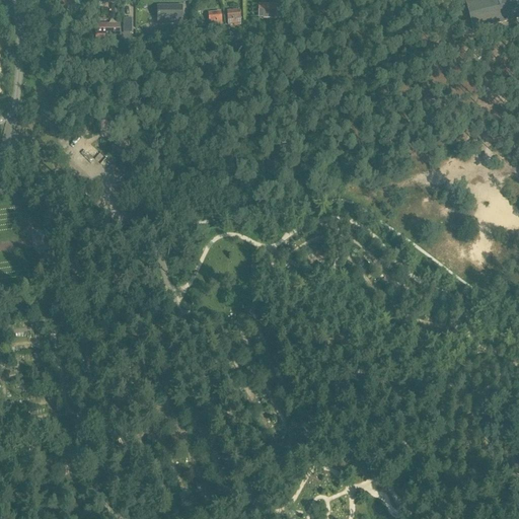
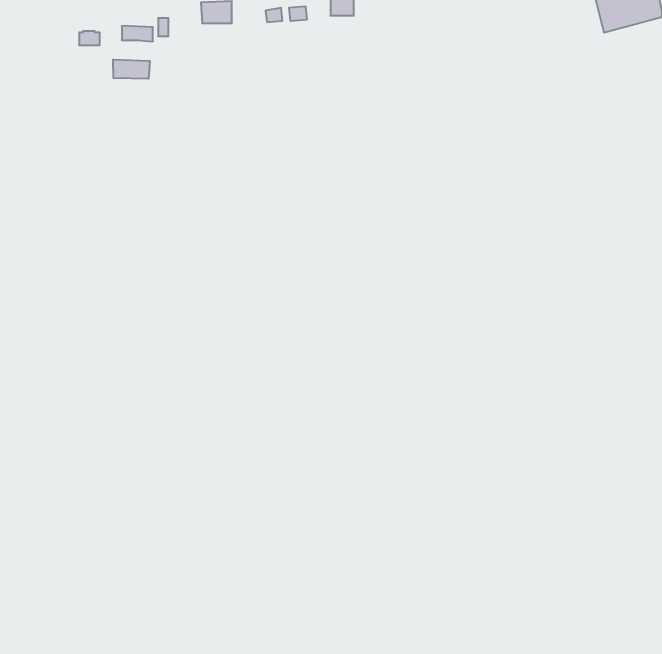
building: none -> [113,59,150,79]

